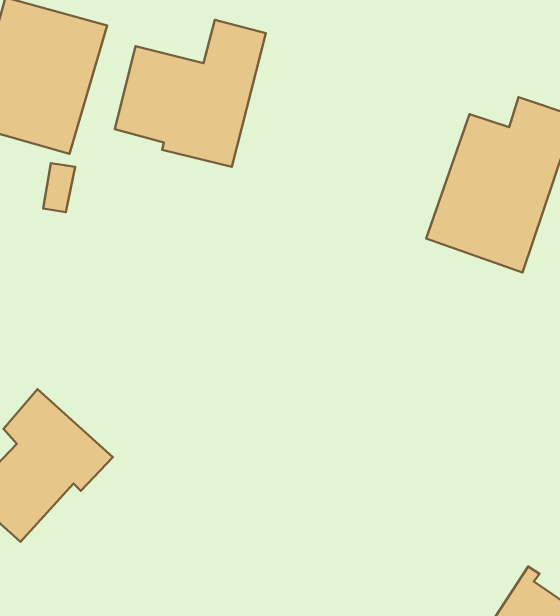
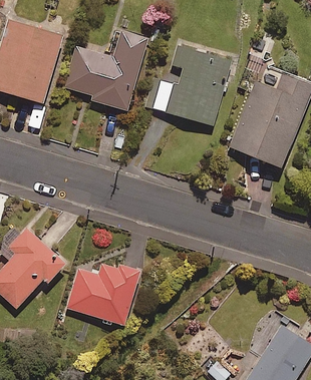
building: none -> [148,44,232,125]
building: none -> [66,261,139,326]

